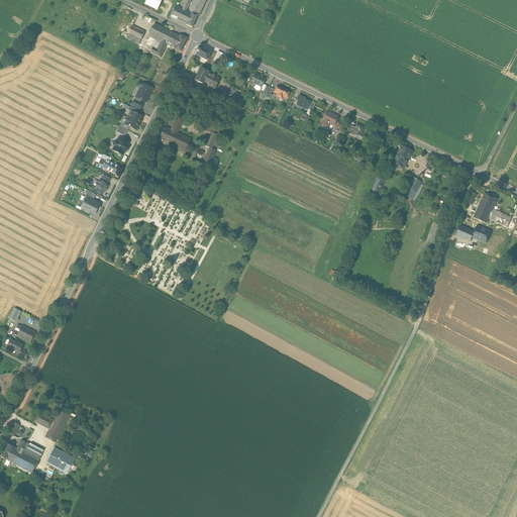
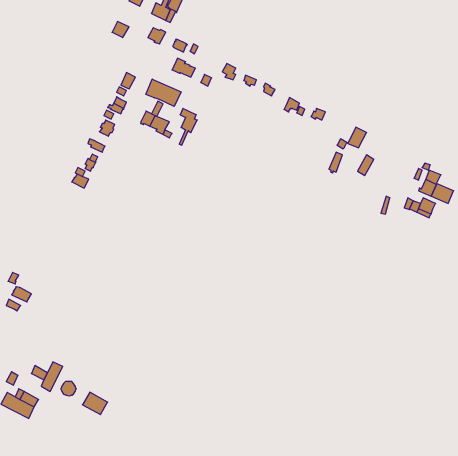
building: [148,22,173,56] -> none
building: none -> [146,79,181,106]
building: [46,446,75,472] -> [82,392,108,415]

